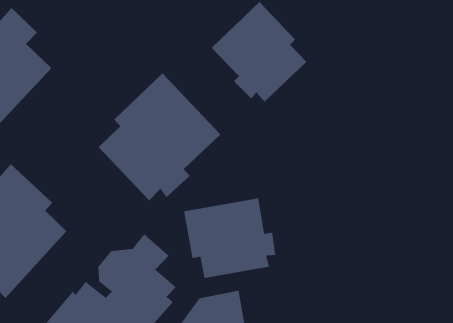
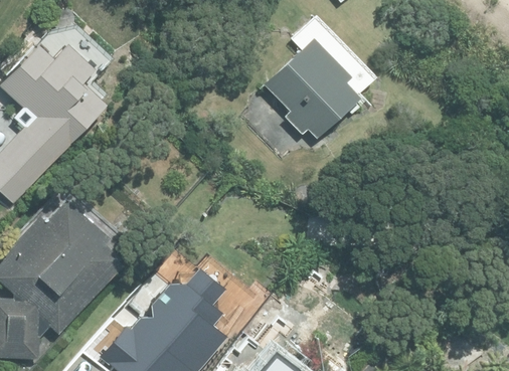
building: [98,72,221,201] -> none
building: [183,198,276,279] -> none

